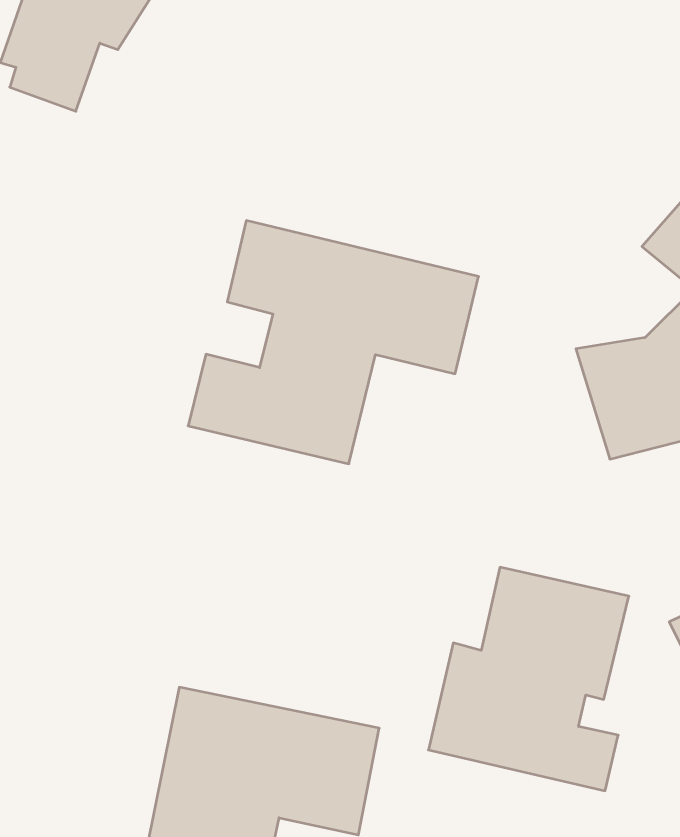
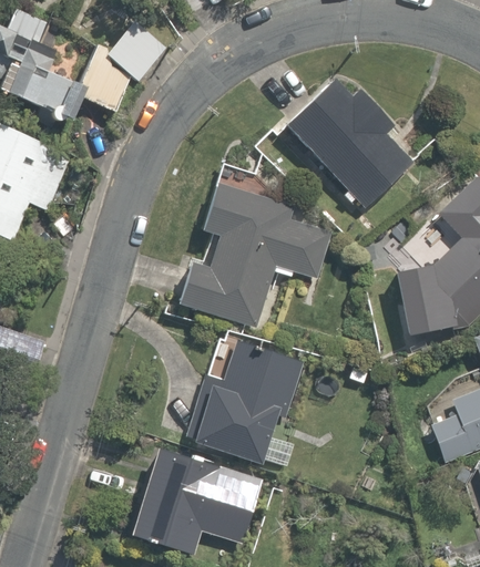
building: none -> [285,76,417,208]
building: [428,567,629,791] -> [190,340,310,472]

